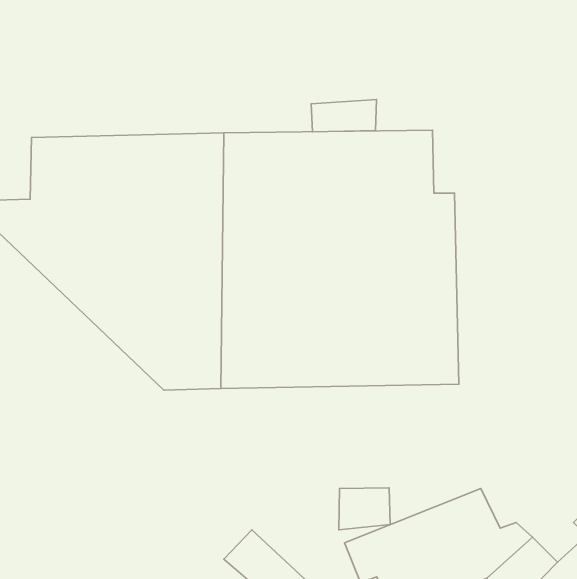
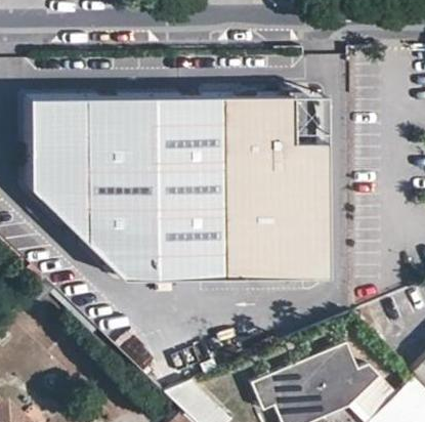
building: [311,99,376,132] -> none
building: [339,488,390,530] -> none

